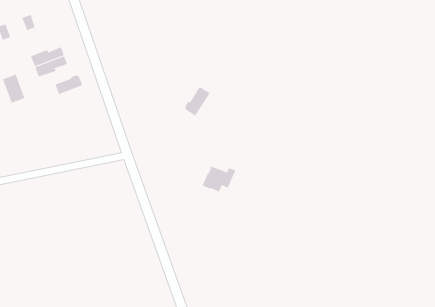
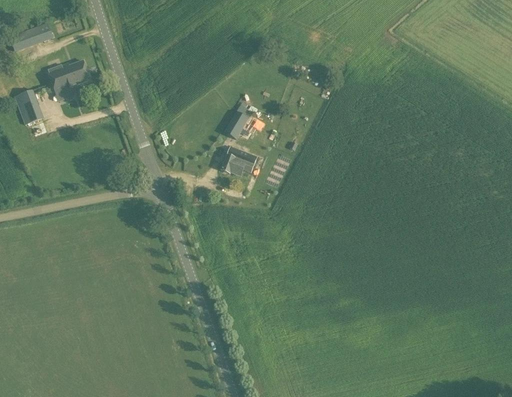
building: [55,74,83,95] -> none
building: [202,166,236,192] -> [221,147,260,177]

